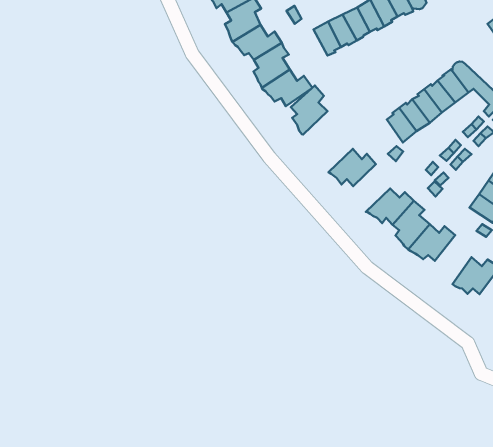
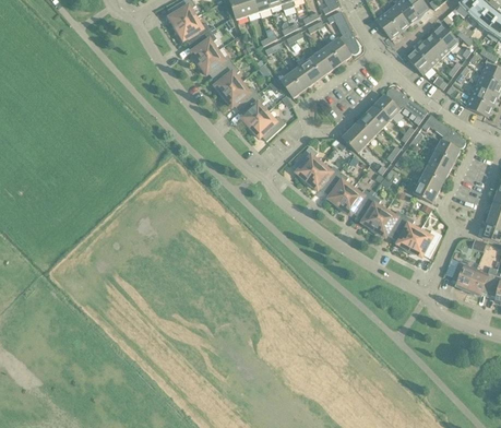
building: [291,85,328,135] -> [294,145,321,182]
building: none -> [325,171,353,207]
building: none -> [393,215,419,251]

